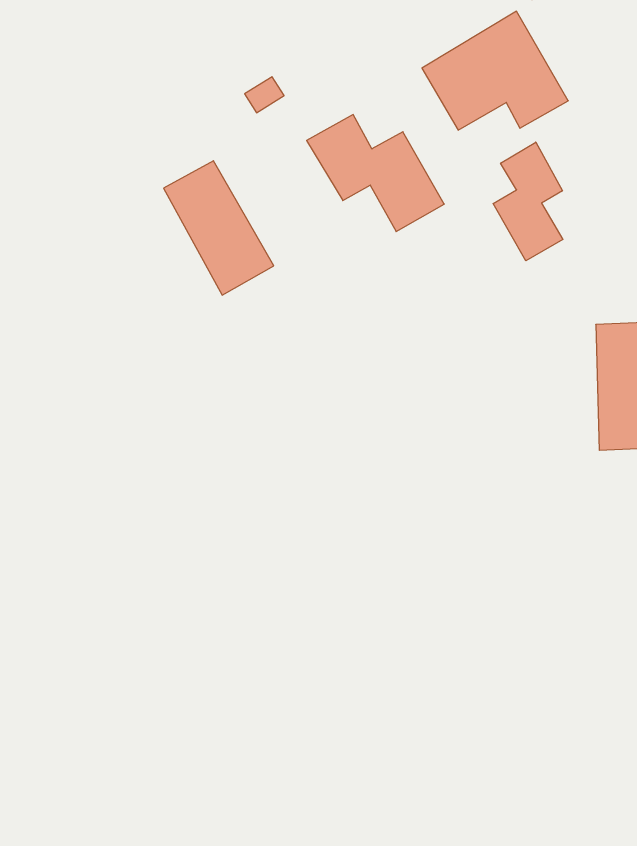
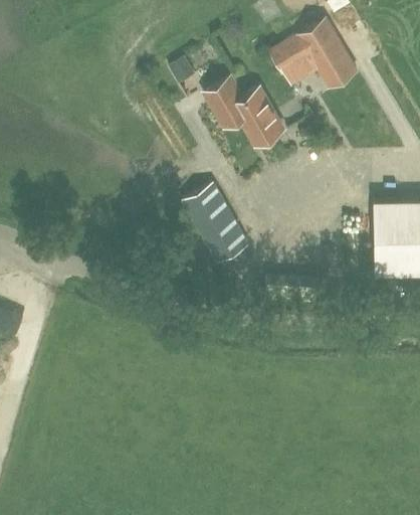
building: [493,142,563,261] -> none
building: [164,161,274,295] -> [184,185,248,264]

